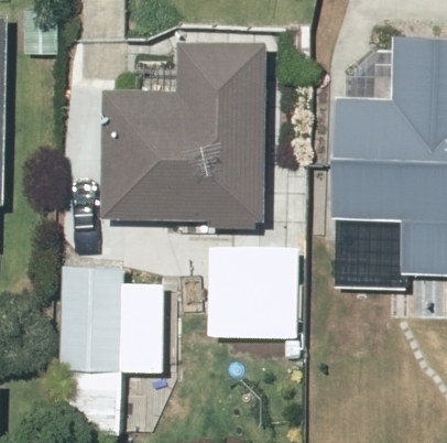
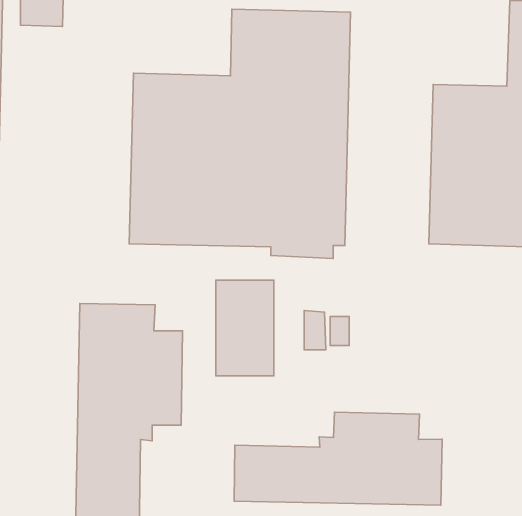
building: none -> [234,412,442,505]

